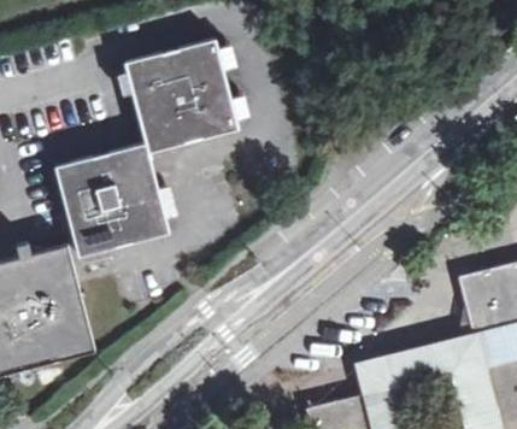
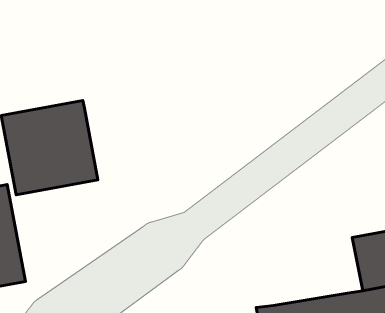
building: [127,37,239,152] -> none

